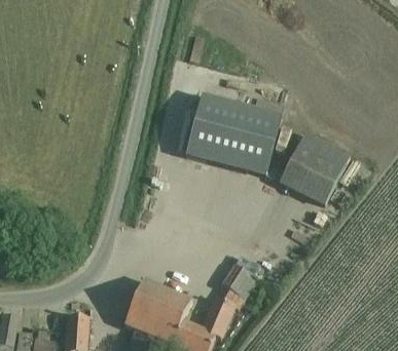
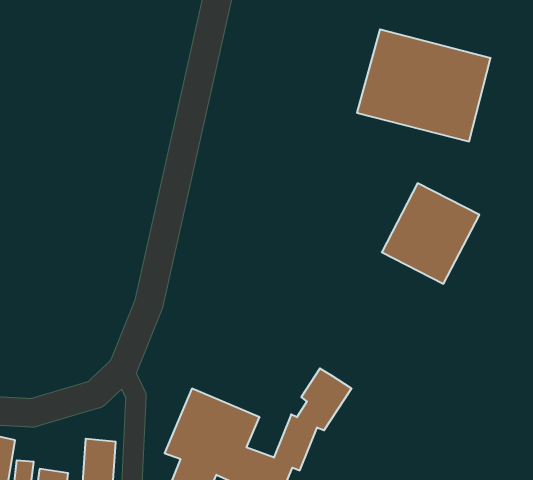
building: [186,94,282,174] -> [357,29,491,141]

